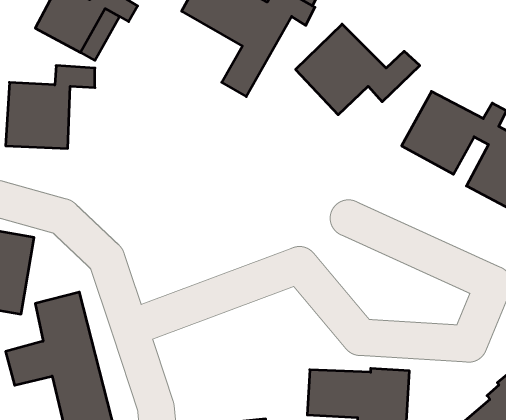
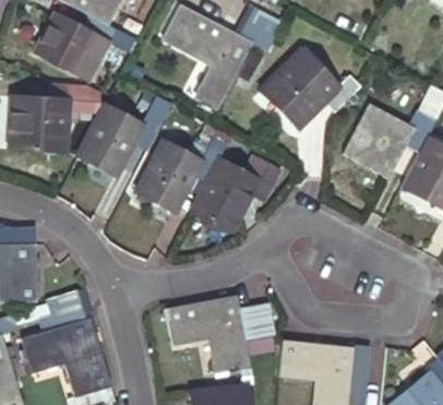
building: none -> [82,108,168,177]
building: none -> [140,146,286,231]
building: none -> [169,299,271,374]

